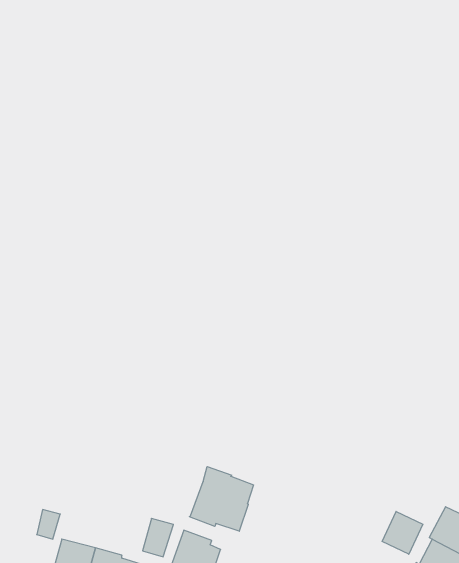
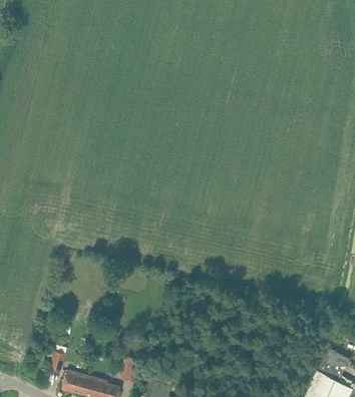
building: [189,467,253,531] -> none
building: [382,511,423,554] -> none

